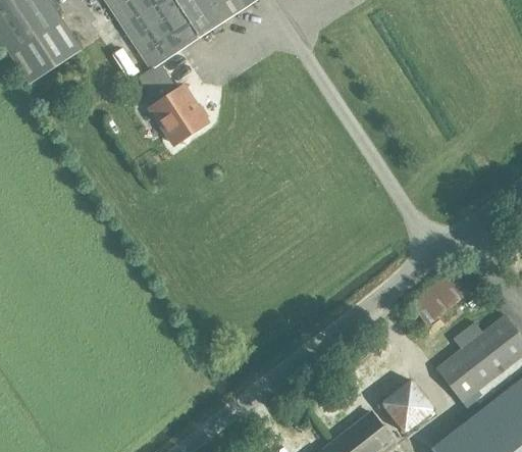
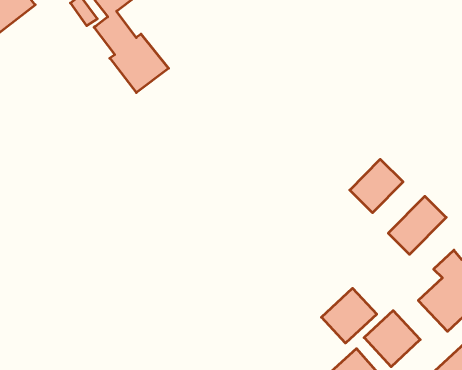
building: none -> [350,159,403,213]
building: none -> [321,288,377,343]

